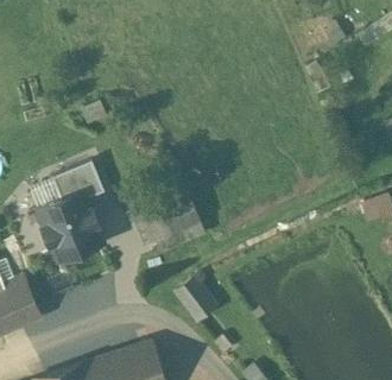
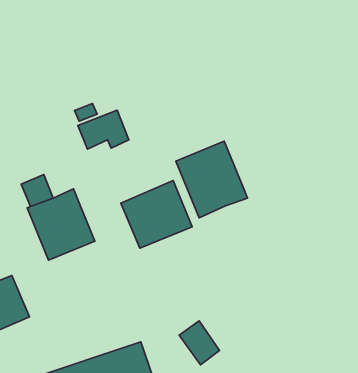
building: none -> [176,141,247,218]
building: [53,160,105,200] -> [78,110,129,149]
building: [177,277,217,321] -> [179,321,219,365]

